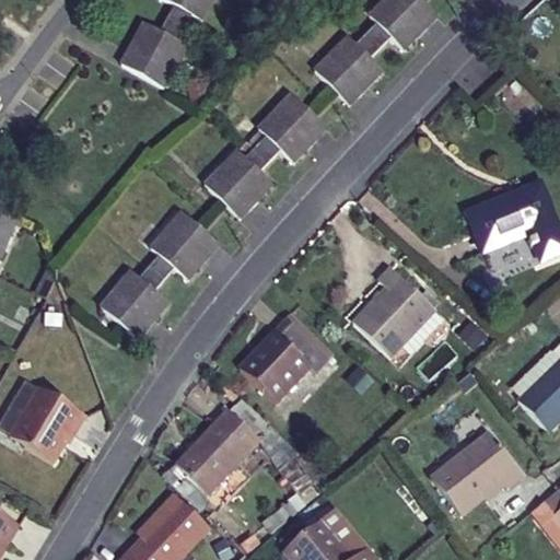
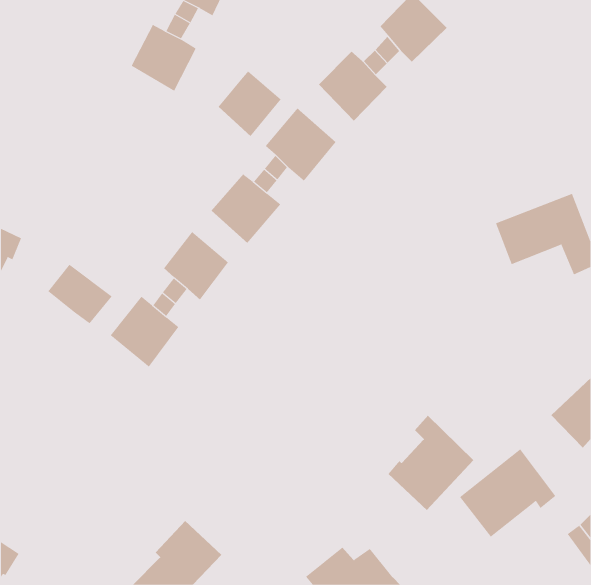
building: none -> [218,71,282,137]
building: none -> [48,264,112,324]
building: [353,265,435,355] -> [387,415,474,511]
building: [237,312,327,396] -> none
building: [9,386,85,462] -> none
building: [175,404,258,489] -> none

